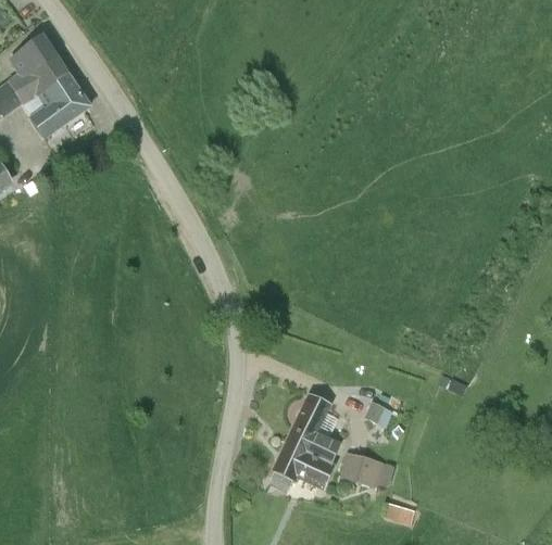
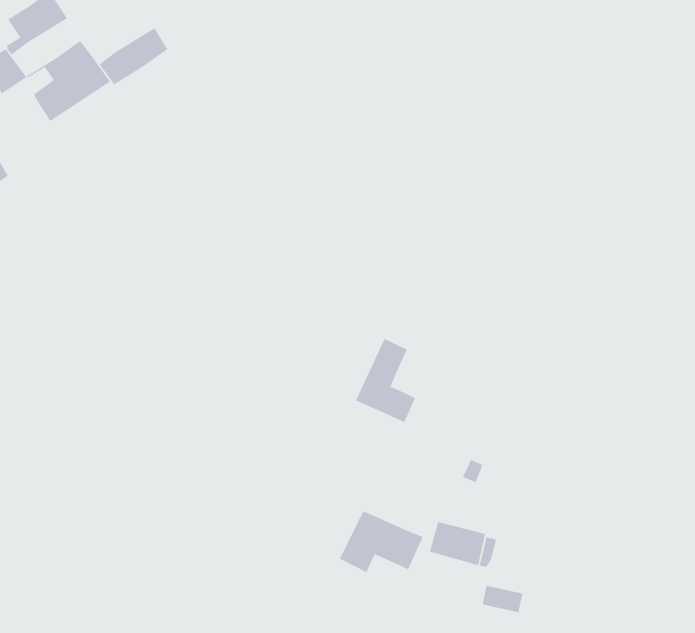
building: [12,56,66,102] -> [99,27,168,85]
building: [288,394,336,460] -> [355,338,416,423]

